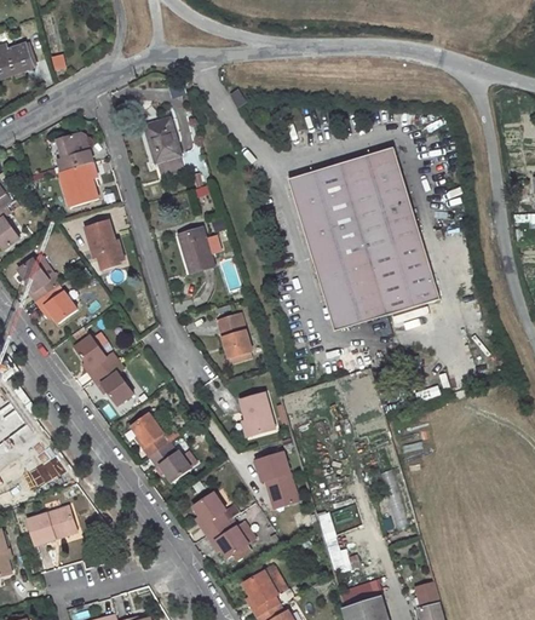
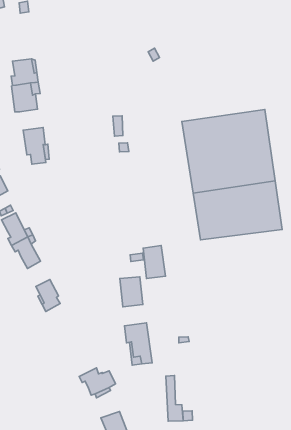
building: [138,121,179,167] -> none
building: [179,231,214,275] -> none
building: [217,312,252,358] -> [143,246,166,279]
building: [149,442,191,481] -> none
building: [191,490,226,533] -> none

